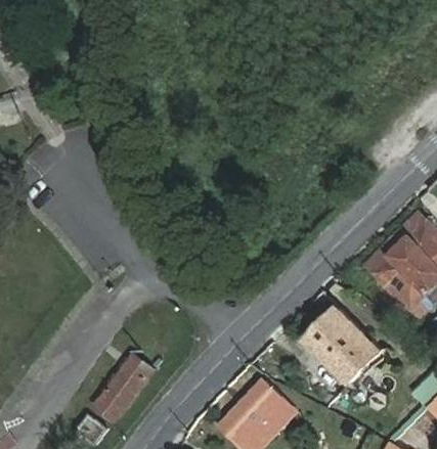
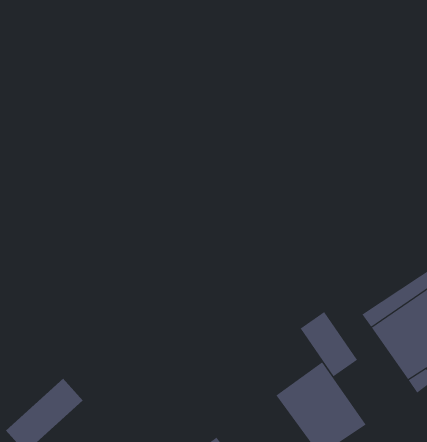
building: none -> [300,311,358,377]

